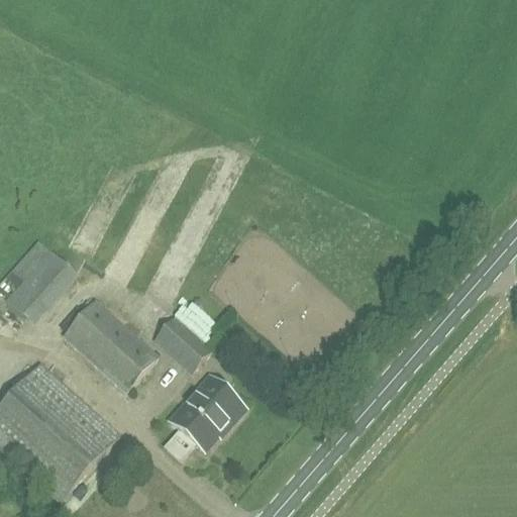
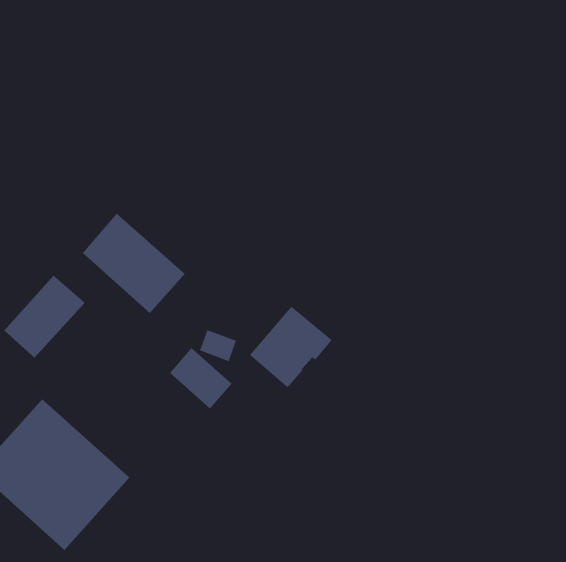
building: [63,299,157,391] -> [82,213,185,314]
building: [170,375,245,449] -> [249,306,332,388]

